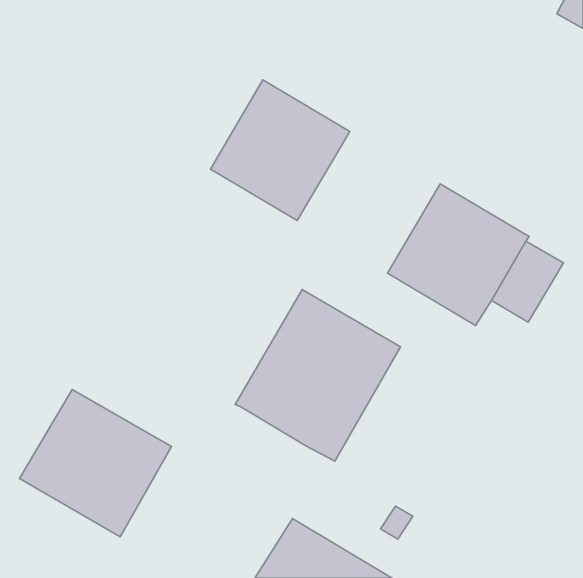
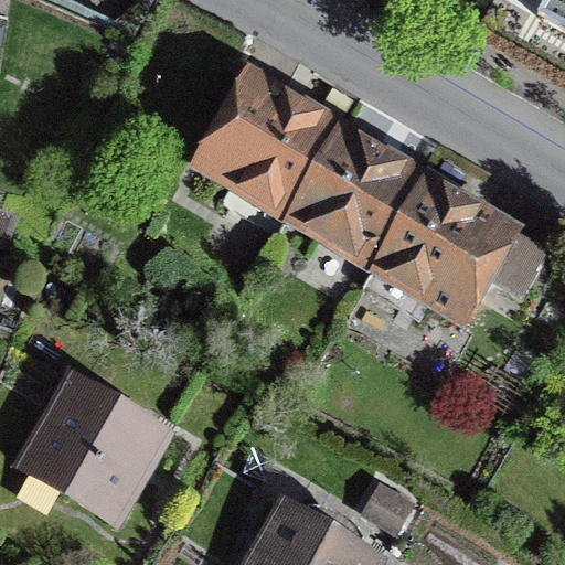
building: none -> [287,127,425,264]
building: [235,290,401,461] -> none

